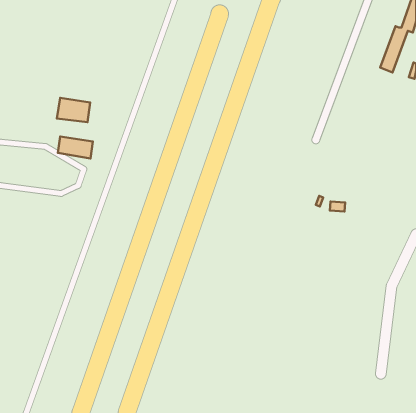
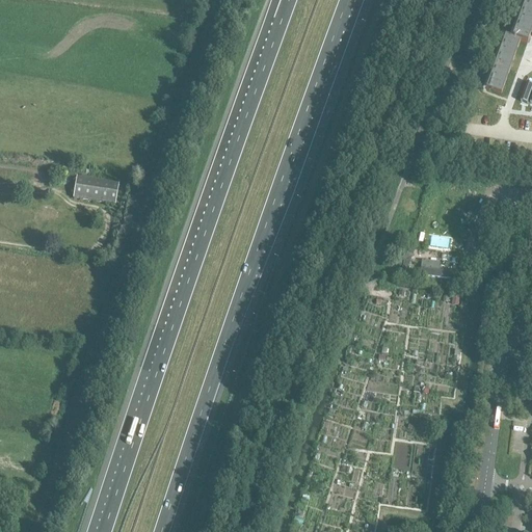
building: [57,98,90,122] -> none

